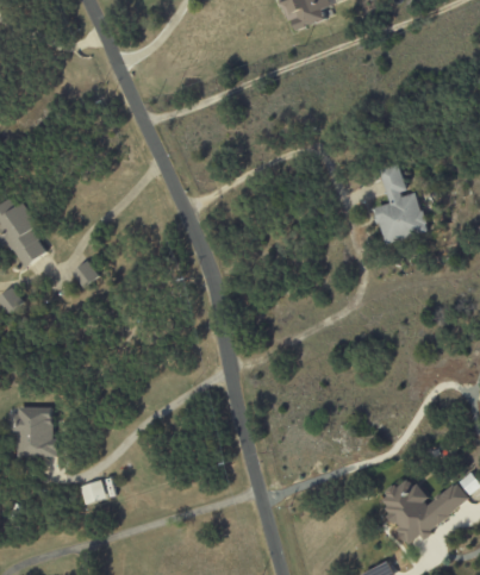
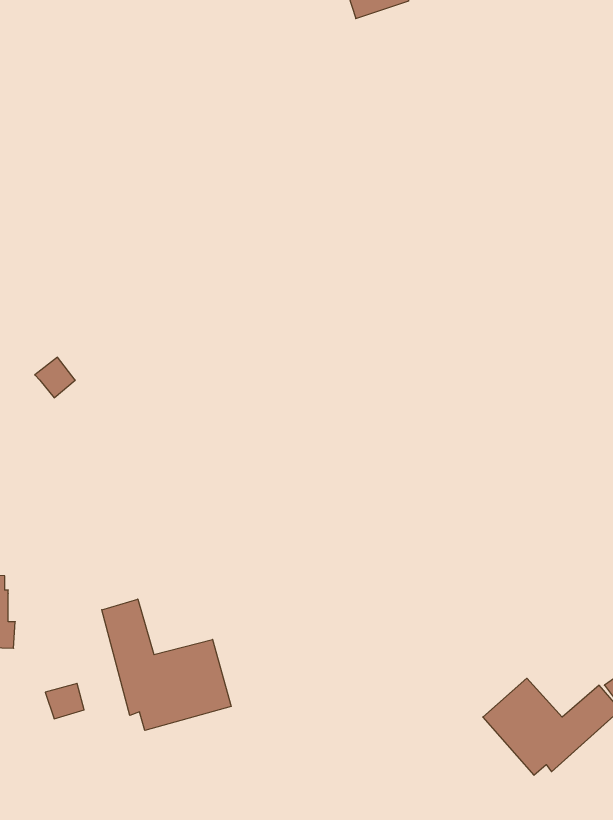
building: [376,162,430,243] -> none
building: none -> [102,599,231,730]

